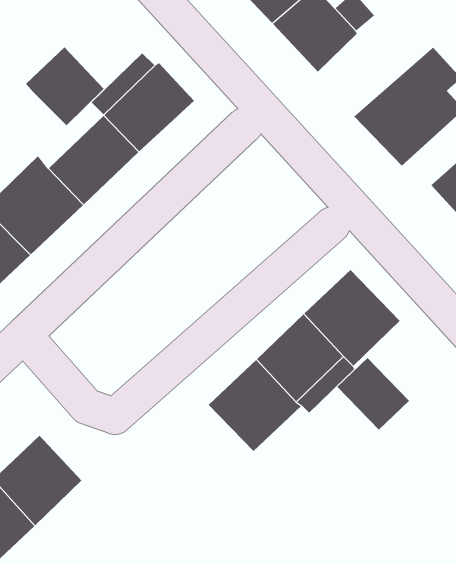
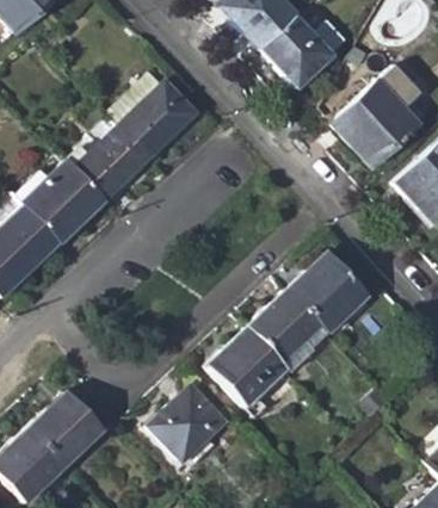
building: [25,46,105,126] -> none
building: [336,357,410,431] -> none
building: none -> [153,377,228,464]

